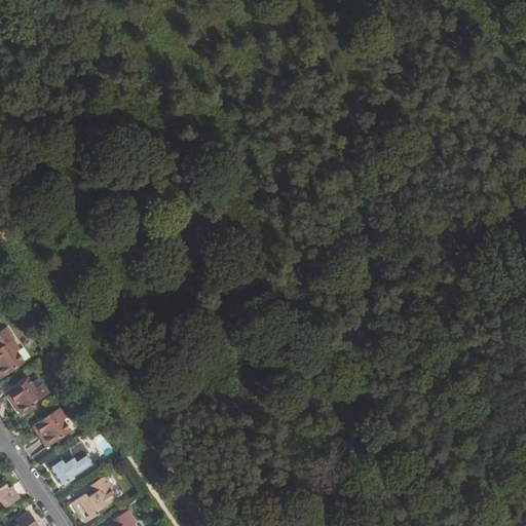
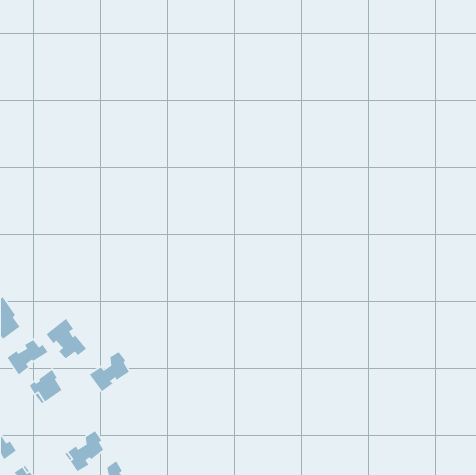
building: none -> [46,318,87,359]
building: [49,441,95,486] -> [89,351,130,392]

